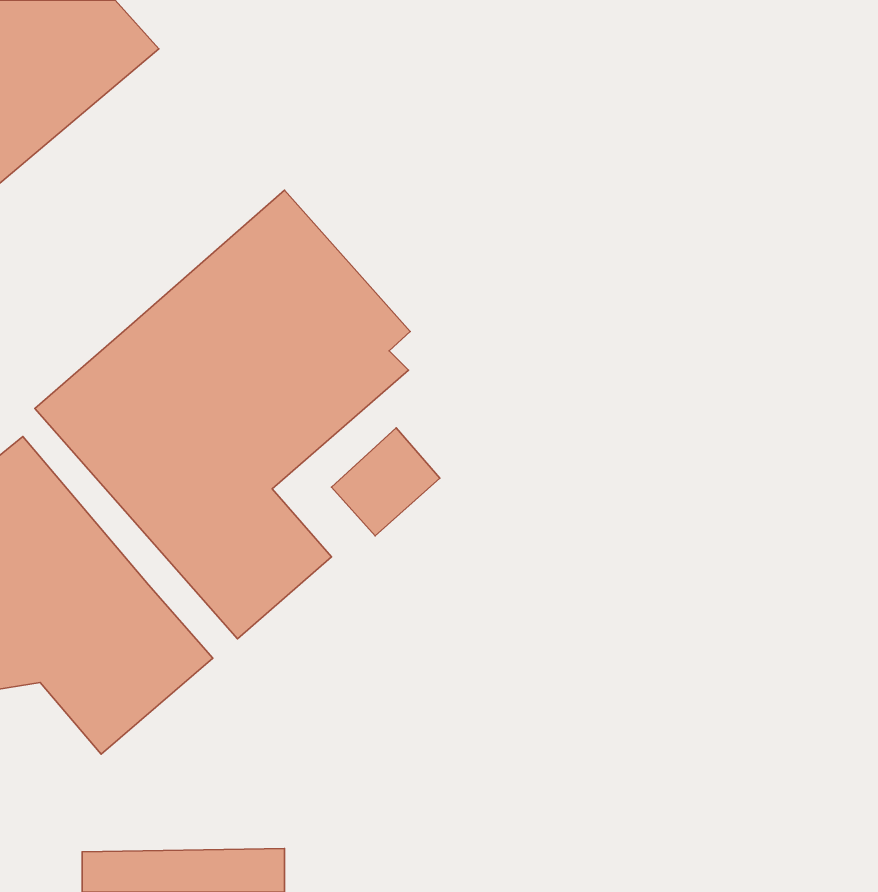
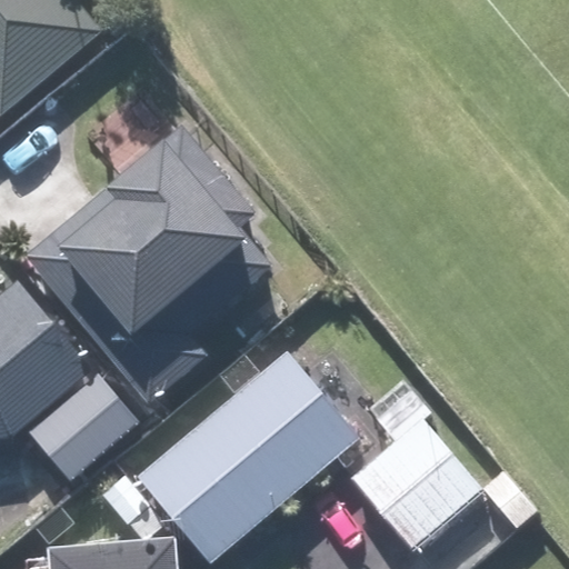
building: none -> [138,348,362,563]
building: none -> [345,378,482,555]

